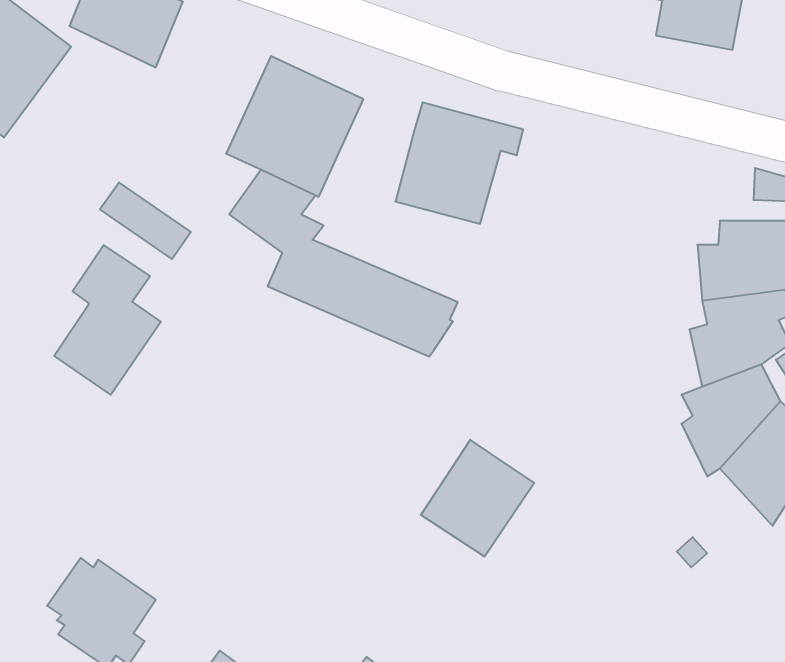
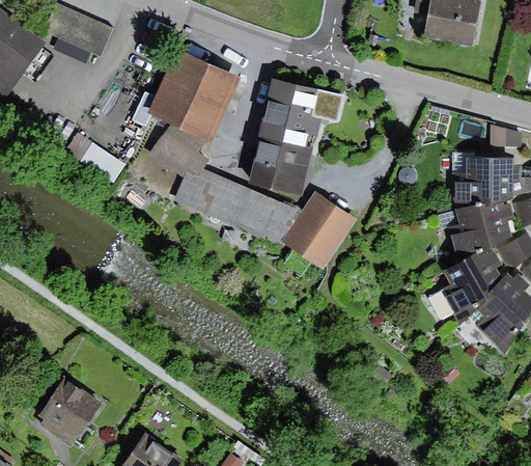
building: none -> [247,144,312,200]
building: [54,245,161,395] -> none
building: [421,440,534,556] -> [282,192,356,268]

